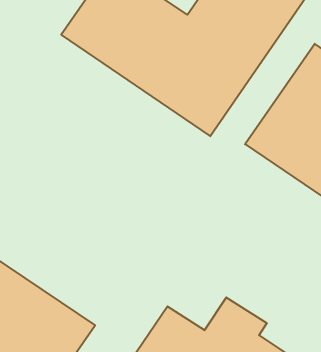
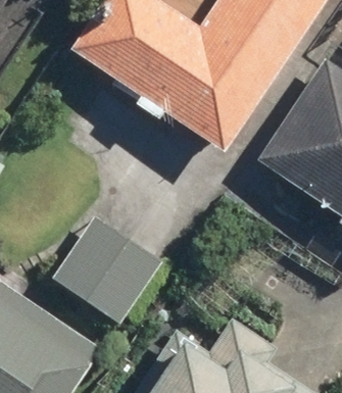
building: none -> [52,213,164,326]

